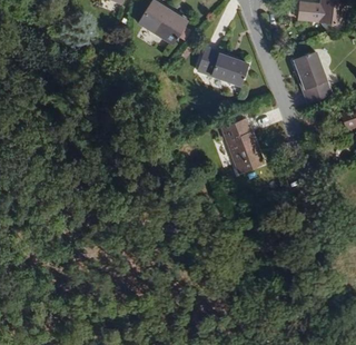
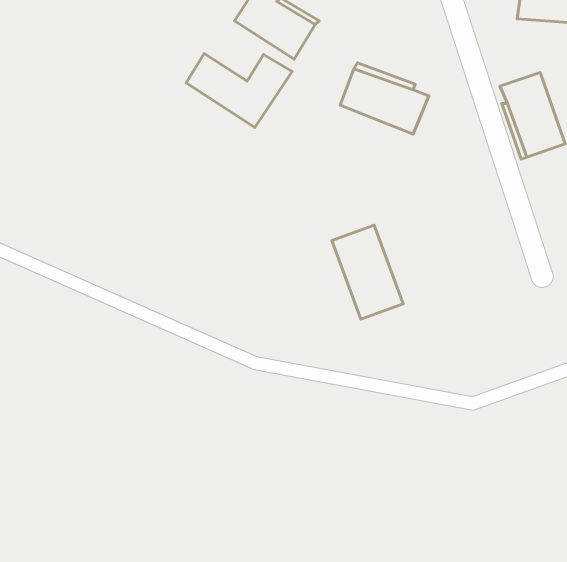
building: none -> [186,53,292,127]
building: [226,117,267,171] -> [332,225,403,319]

